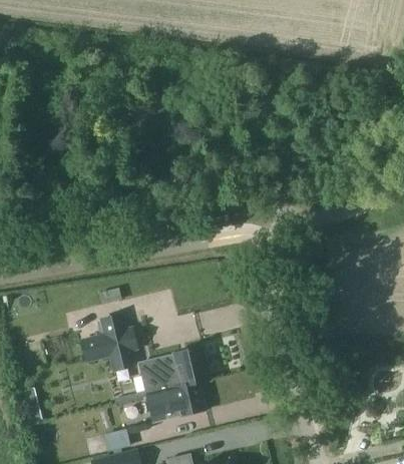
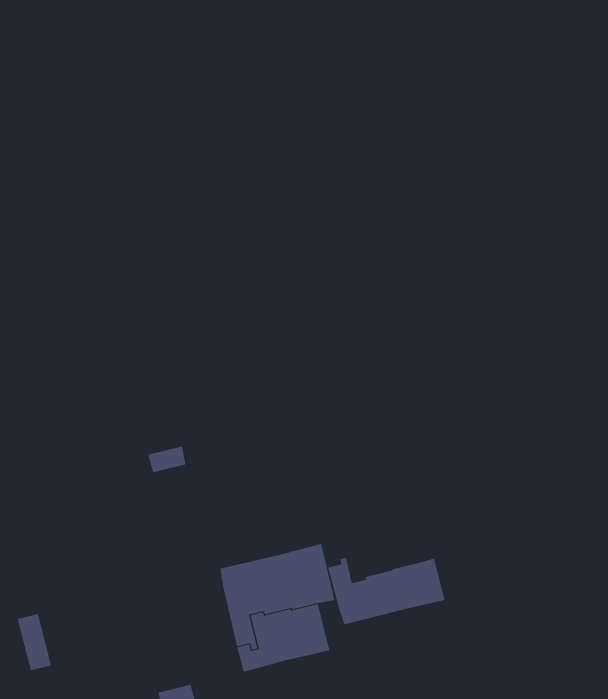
building: [76,313,135,372] -> none
building: none -> [327,557,445,625]

